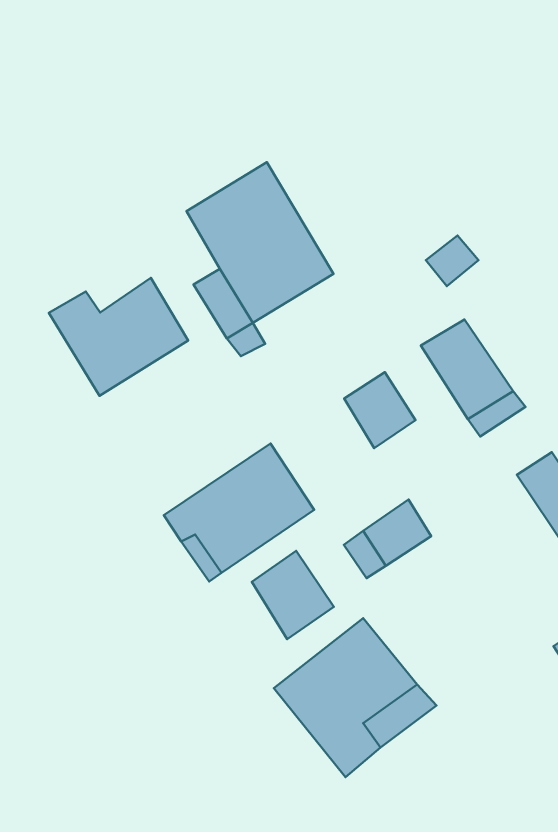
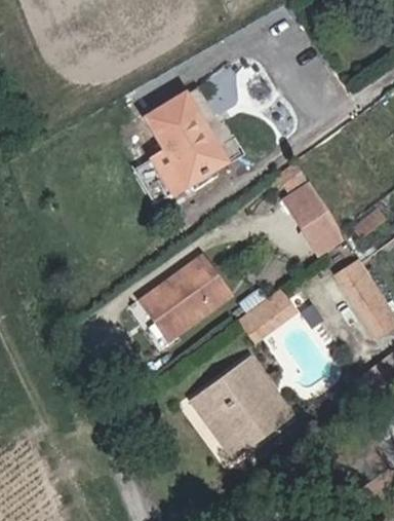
building: [49,278,188,396] -> none
building: [344,372,416,448] -> none
building: [252,551,334,639] -> none

